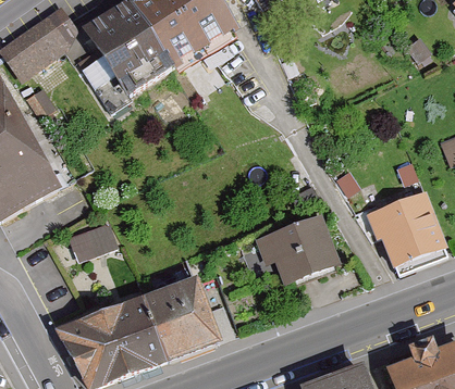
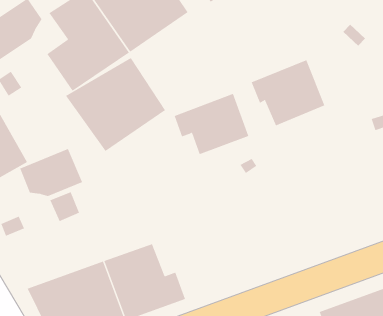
building: none -> [65,57,166,152]
building: none -> [19,148,83,197]
building: [366,190,448,264] -> [251,60,325,126]
building: [256,216,340,285] -> [174,93,249,155]

